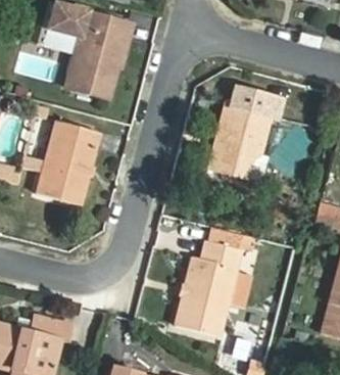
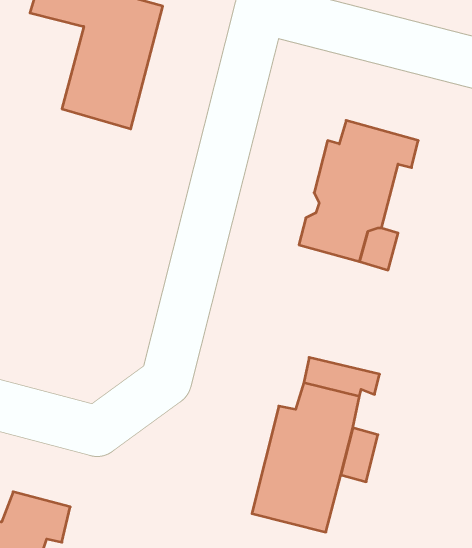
building: [38,120,104,205] -> none

